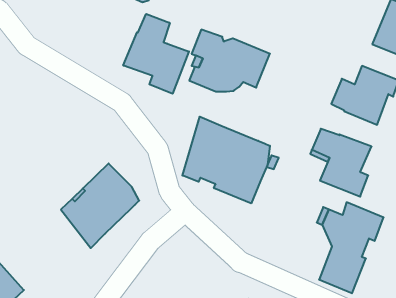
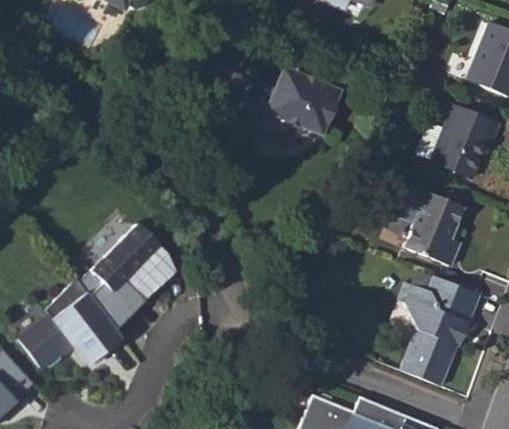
building: [123,14,189,94] -> none
building: [182,117,270,203] -> none
building: none -> [22,280,123,368]

